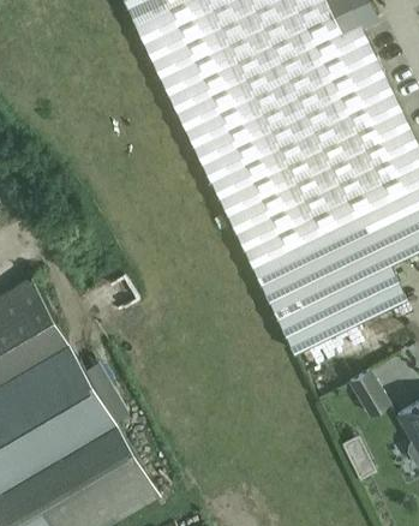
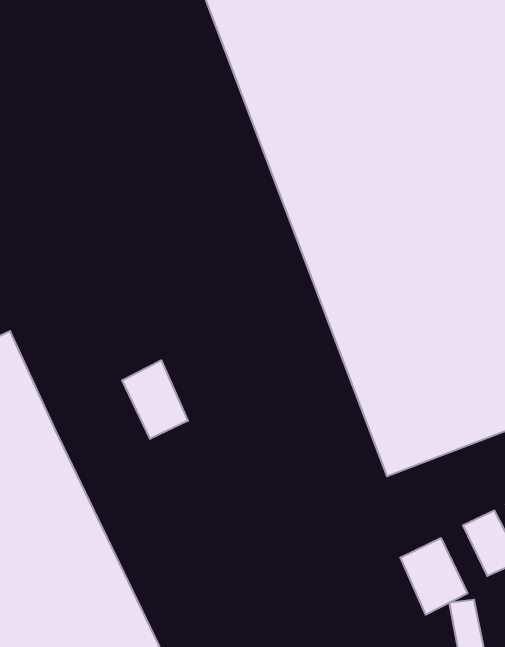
building: none -> [122,360,188,439]
building: none -> [400,538,467,615]

